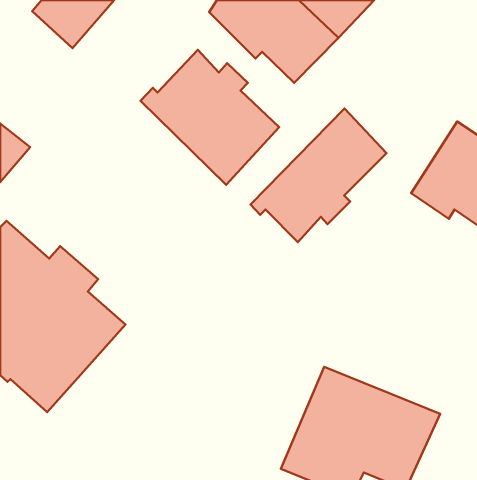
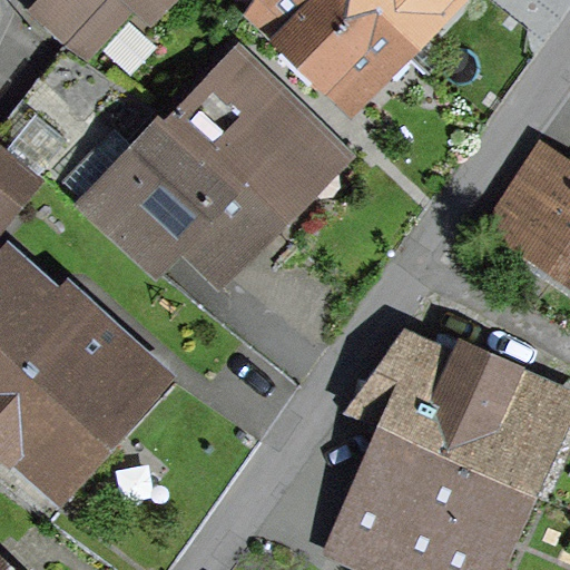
building: none -> [88,121,273,271]
building: [251,108,386,242] -> none
building: none -> [347,335,562,491]

